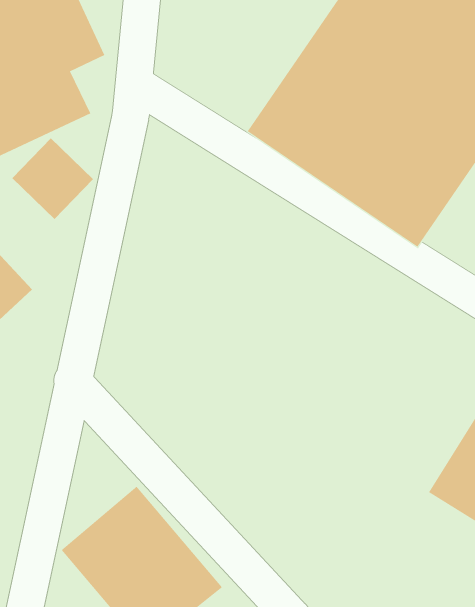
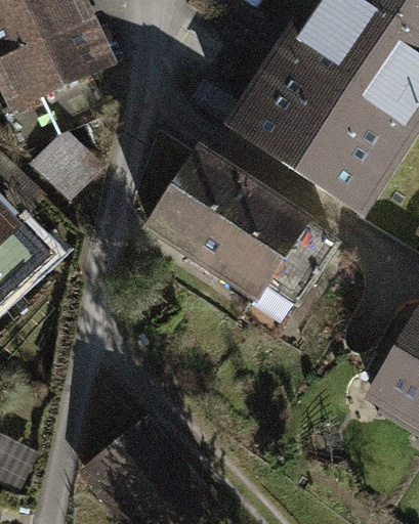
building: none -> [148,144,332,296]

